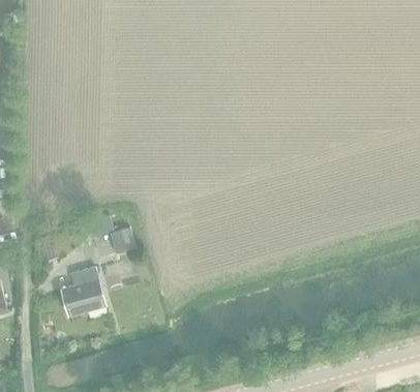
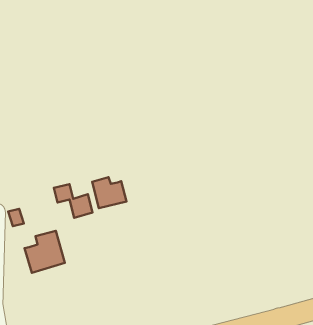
building: none -> [92,177,126,208]

